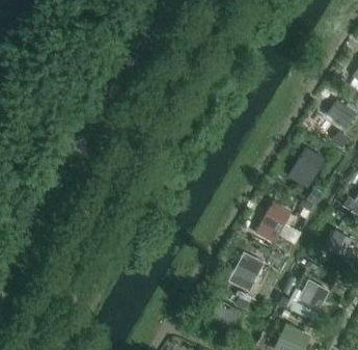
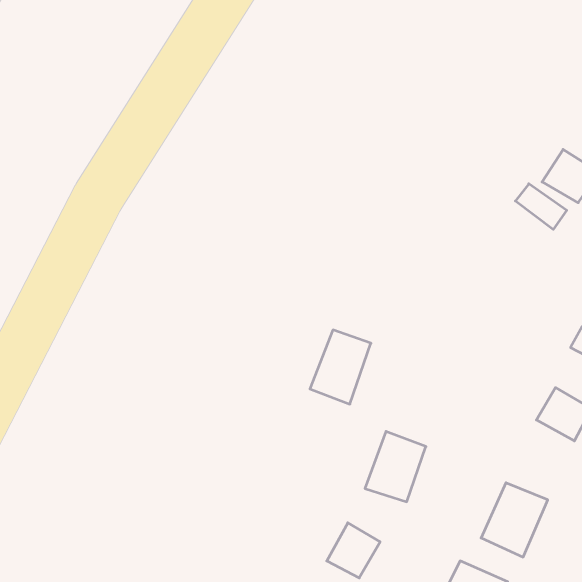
building: [295,145,328,179] -> none
building: [258,203,292,243] -> [310,330,371,404]

